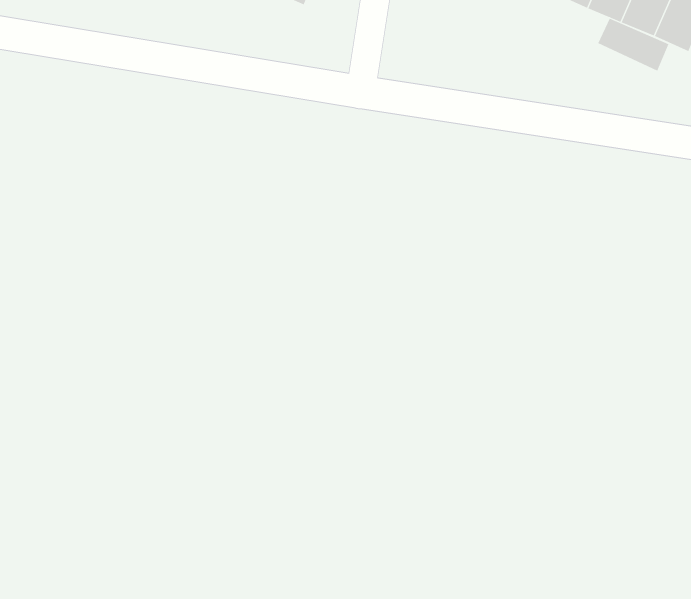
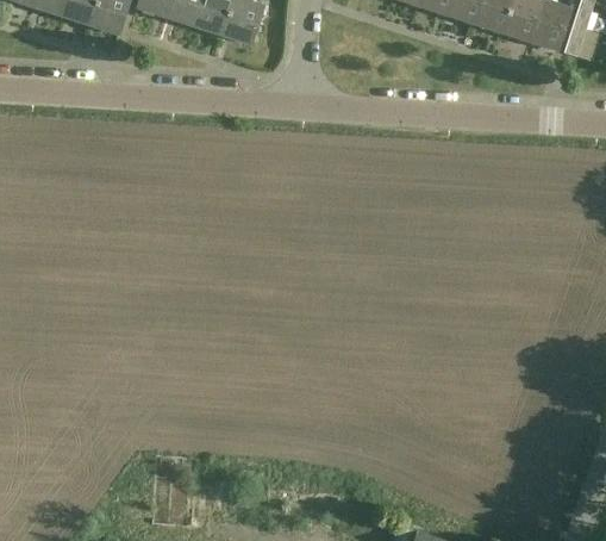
building: [598,18,669,71] -> none

